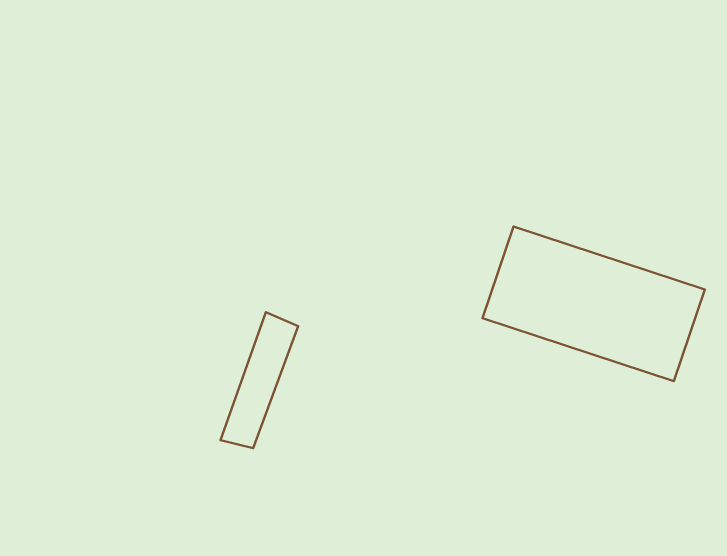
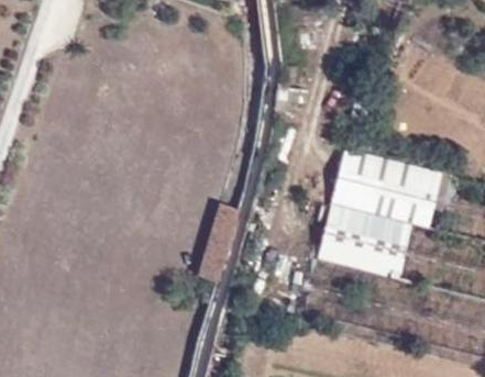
building: none -> [318,202,411,276]

